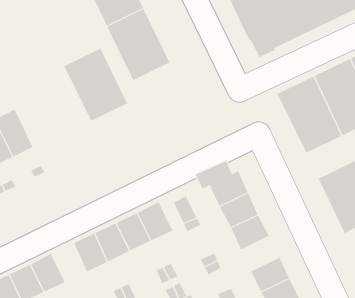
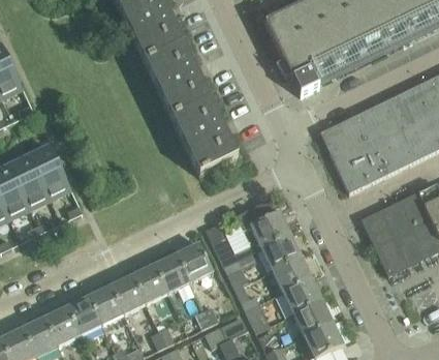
building: [64,48,128,122] -> [173,98,239,174]
building: none -> [283,276,323,312]
building: none -> [89,283,125,324]

